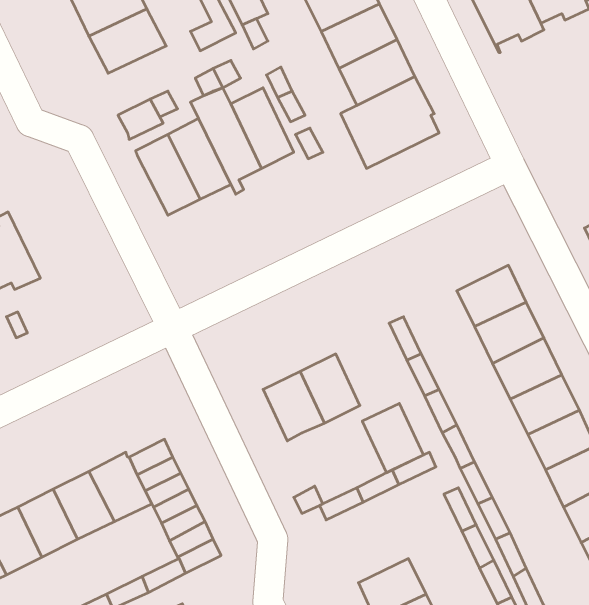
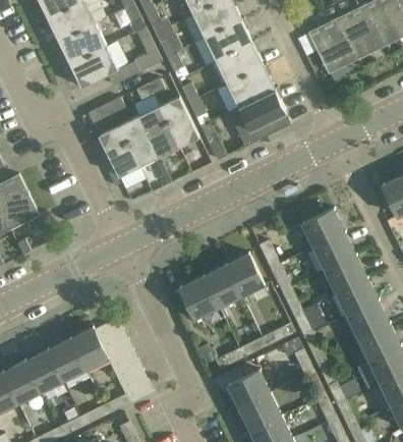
building: [362,403,424,473] -> [224,253,263,296]
building: none -> [226,370,270,408]

